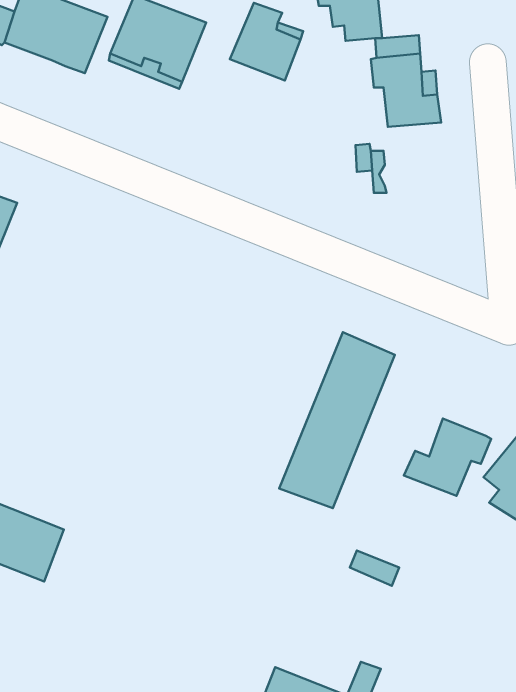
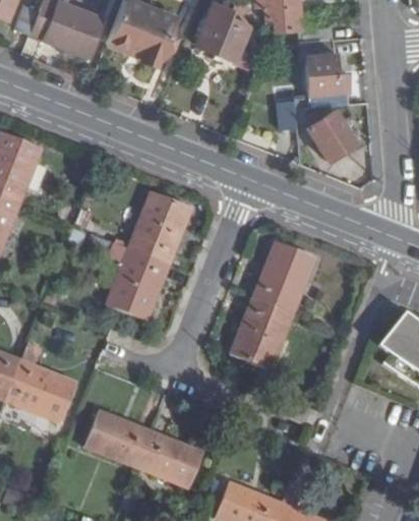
building: none -> [308,110,355,159]
building: none -> [108,193,190,320]
building: [404,418,491,496] -> none
building: none -> [84,410,201,485]

